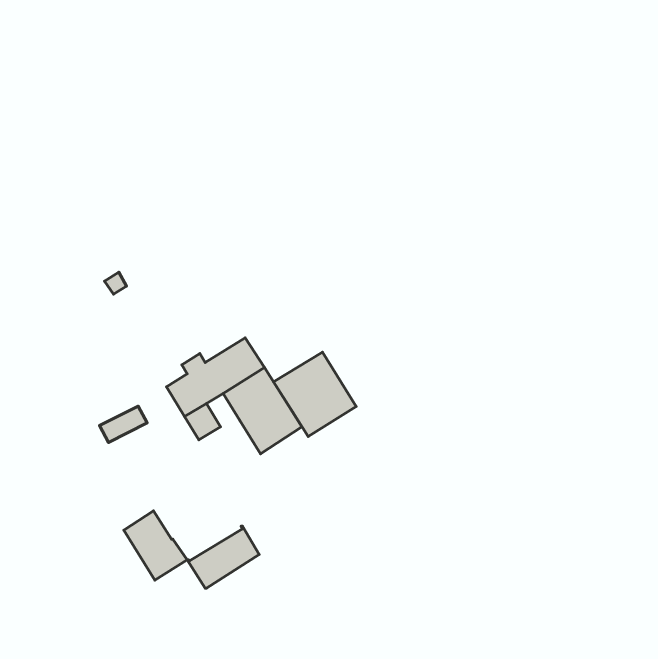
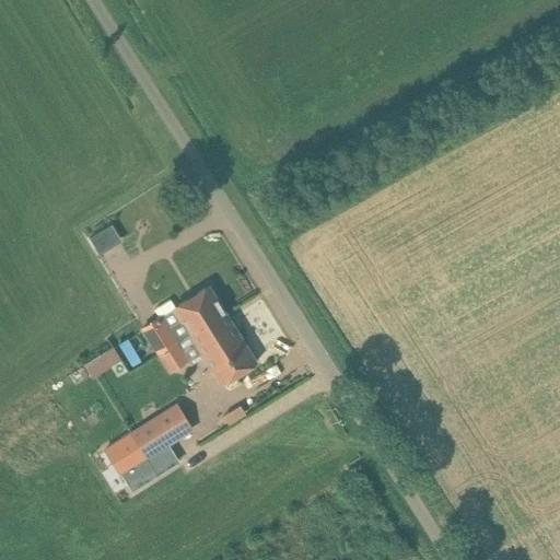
building: [274,352,356,437] -> none
building: [187,526,259,588] -> [131,405,192,457]

